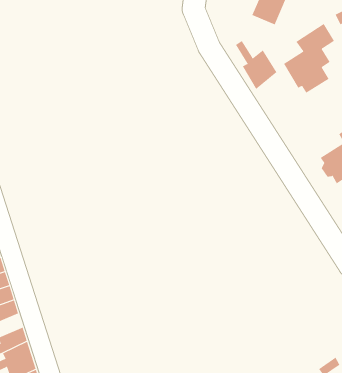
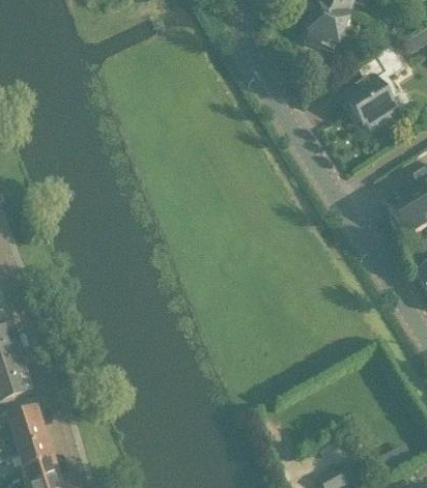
building: [235,40,277,90] -> none

